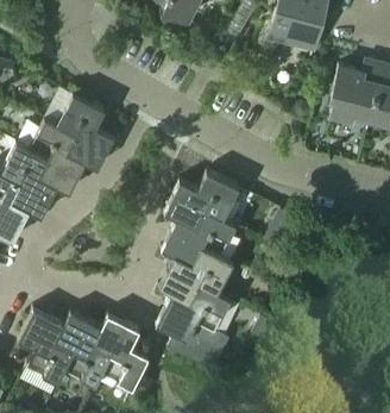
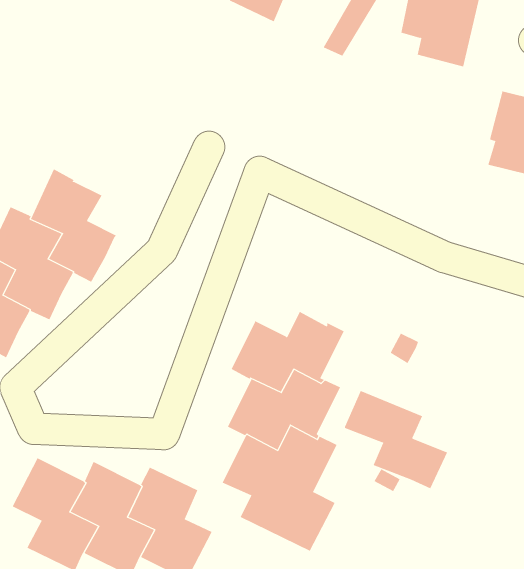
building: [58,89,114,164] -> none
building: [164,167,240,224] -> none
building: none -> [344,390,448,489]

